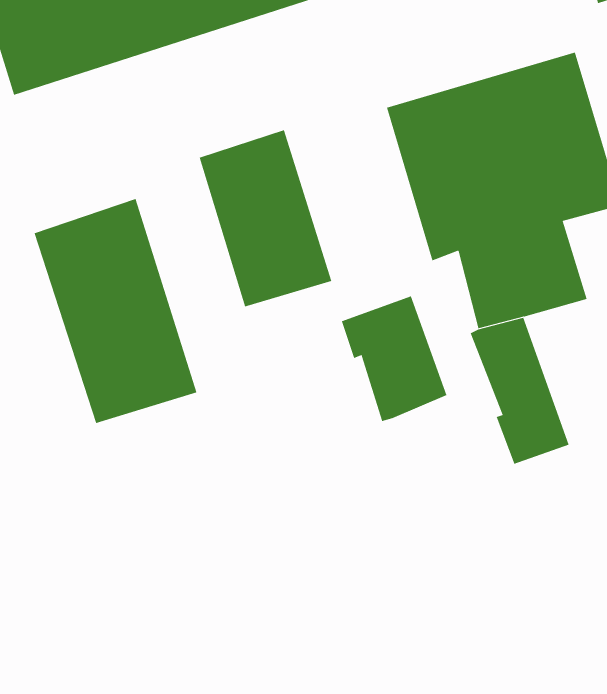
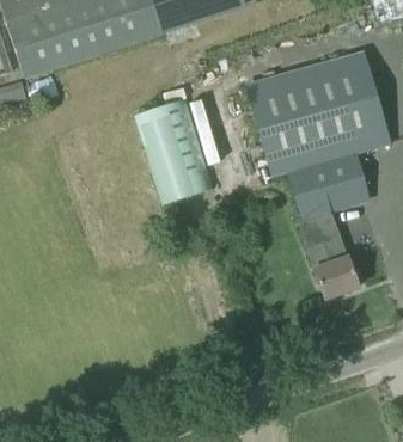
building: [34,198,197,424] -> none
building: [341,295,447,422] -> none

